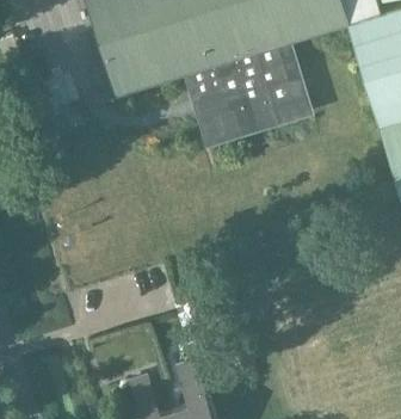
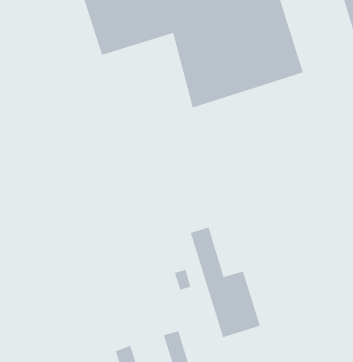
building: none -> [190,226,261,338]

